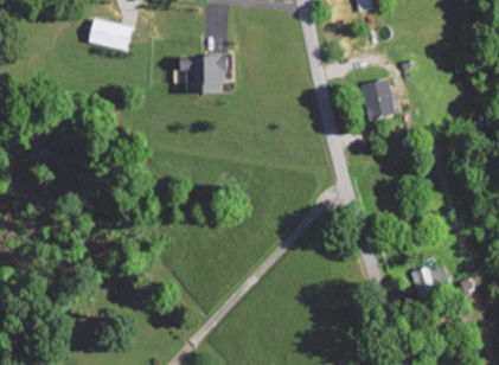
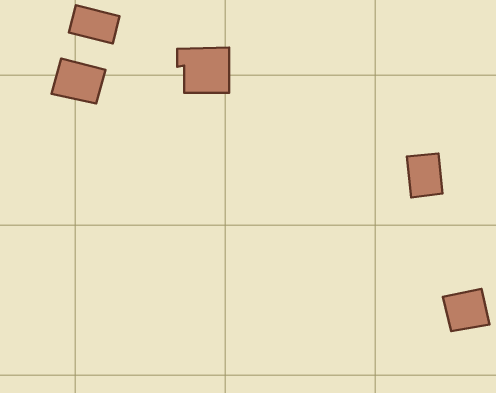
building: none -> [52,59,106,104]
building: [364,79,395,117] -> [407,154,443,197]

